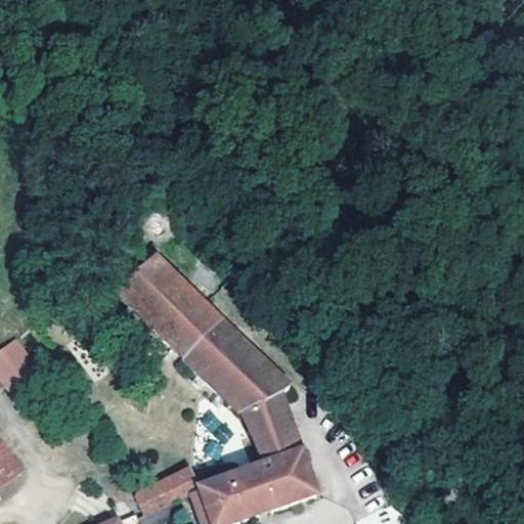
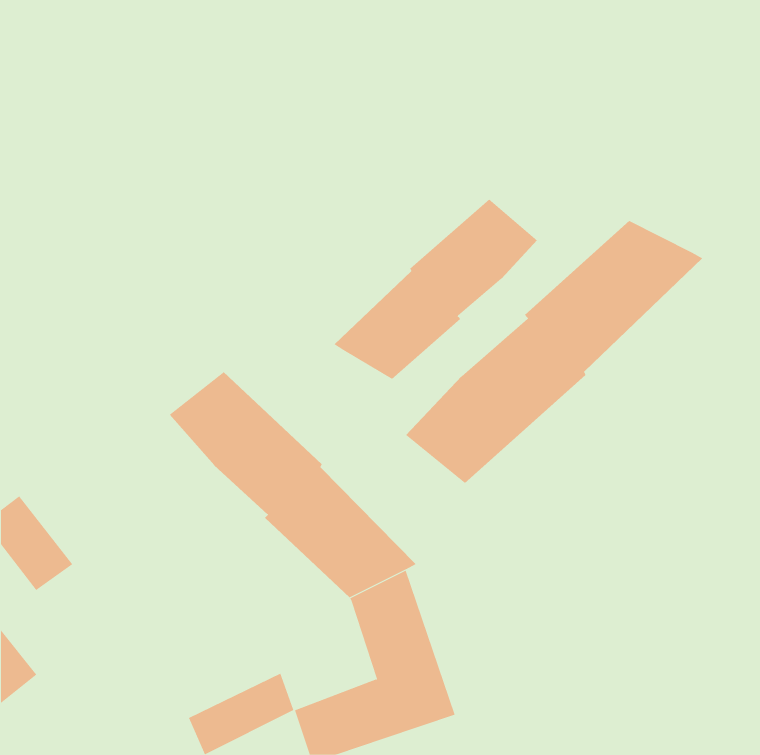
building: none -> [334,199,538,380]
building: none -> [405,220,703,484]

